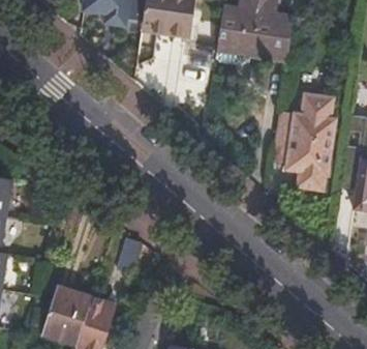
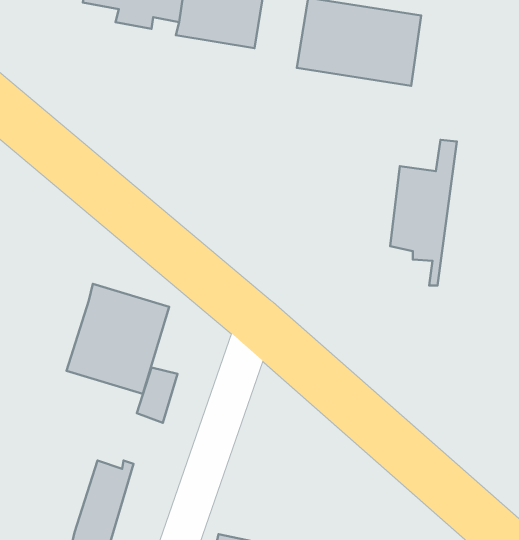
building: [307,96,339,191] -> none
building: none -> [66,284,169,394]
building: [43,287,92,344] -> none

